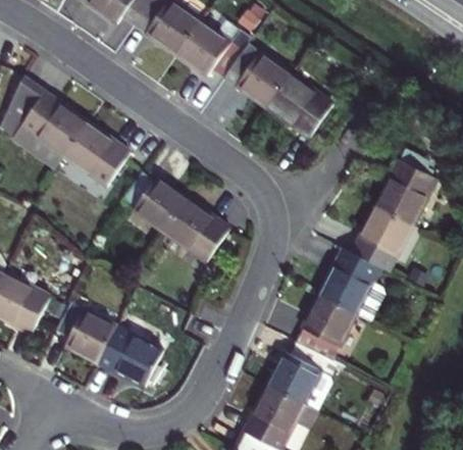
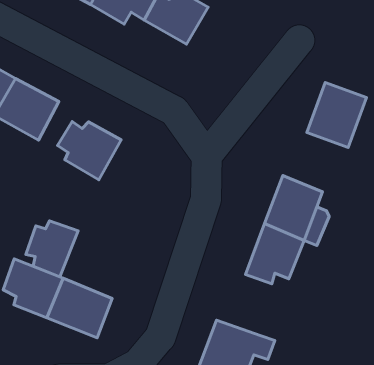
building: [263,70,330,136] -> none
building: [161,194,233,263] -> none
building: [352,206,414,267] -> none
building: none -> [26,221,78,277]
building: [264,342,336,411] -> none

